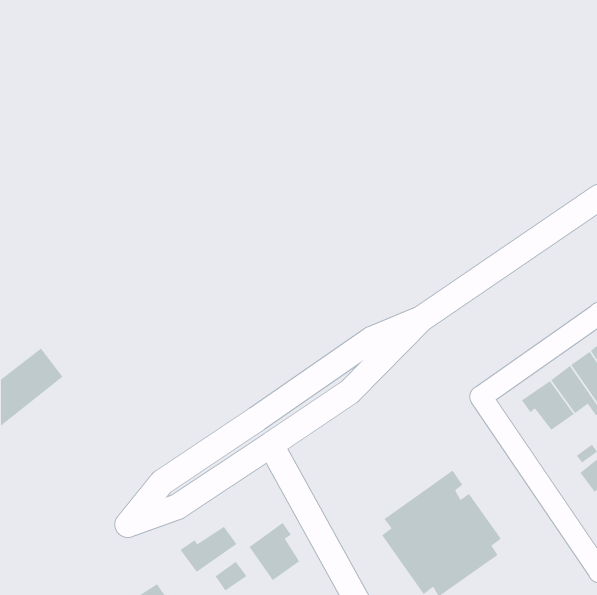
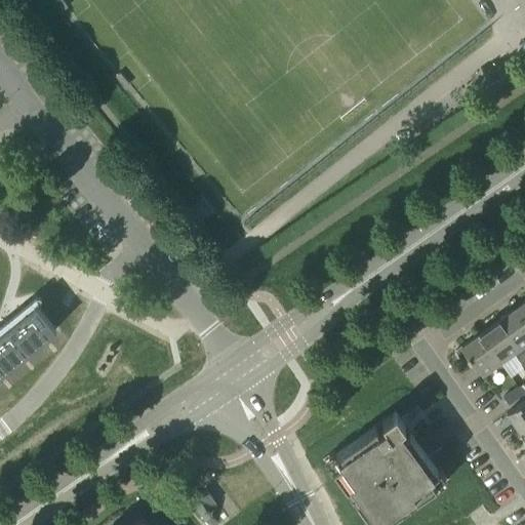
building: [249,522,300,581] -> none
building: [179,526,238,573] -> none

